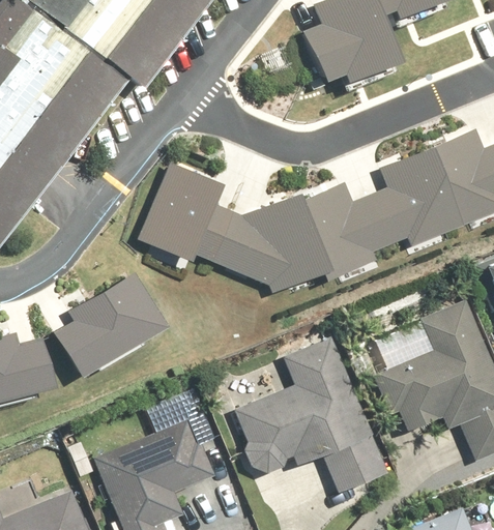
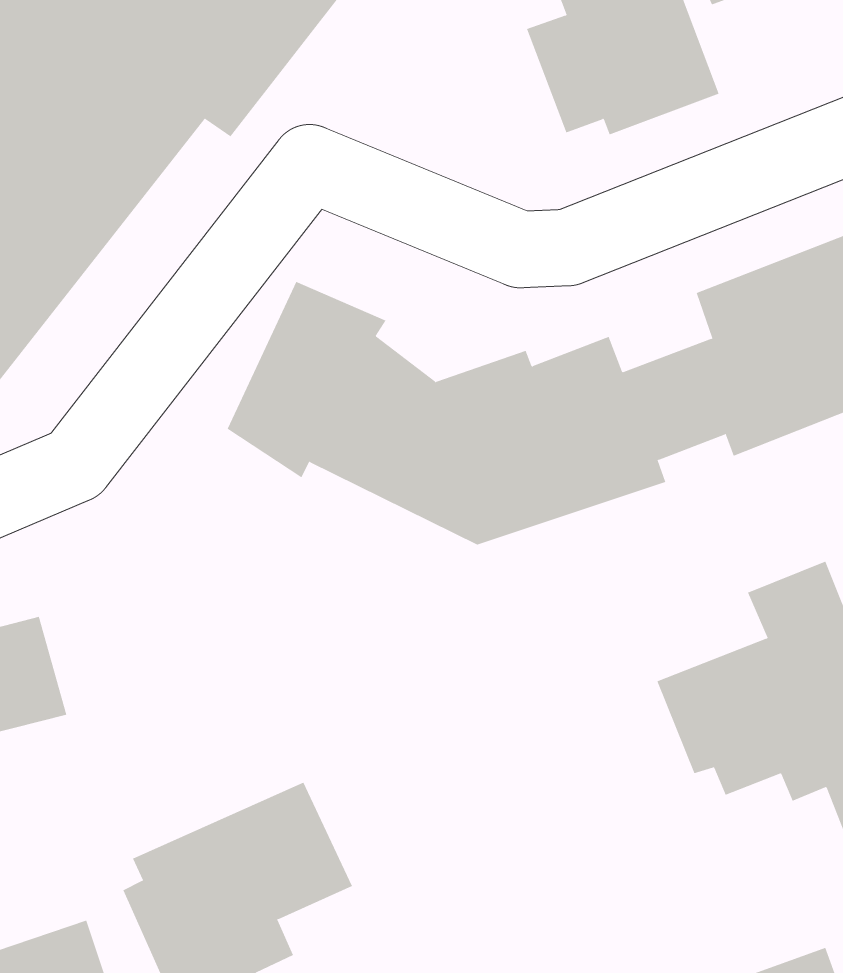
building: [62,268,173,373] -> none
building: [233,342,385,494] -> none

